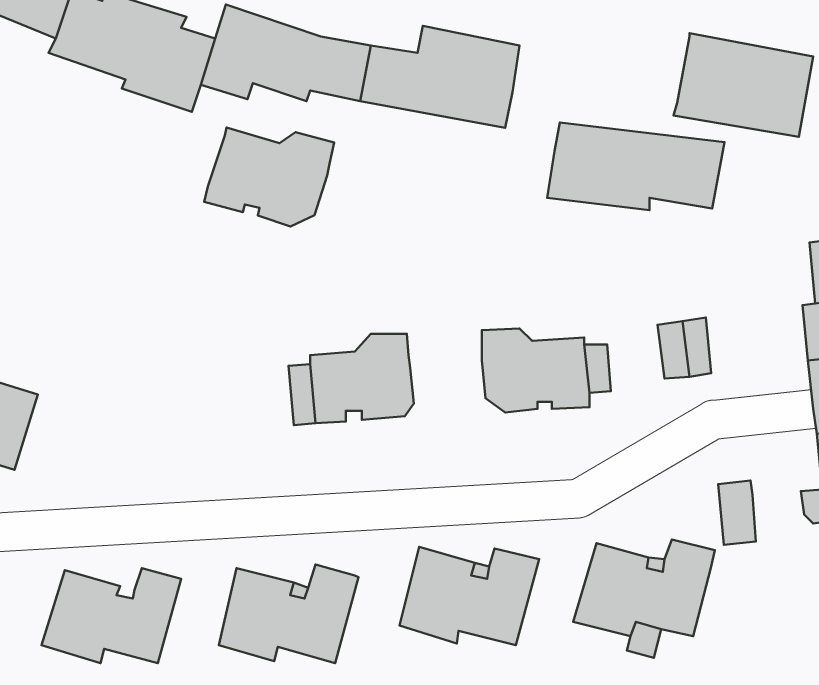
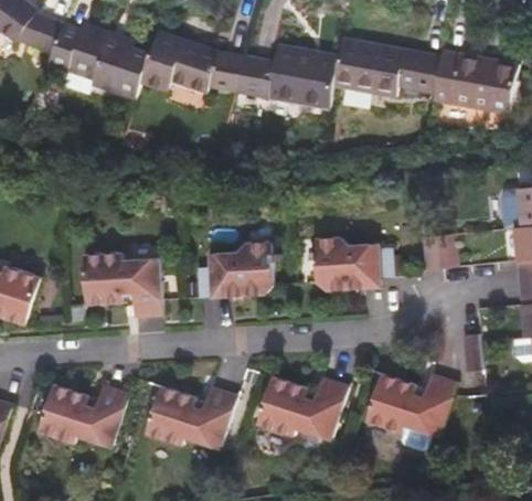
building: [547,123,725,210] -> [332,44,441,98]
building: [204,128,334,226] -> none
building: none -> [84,252,162,315]

